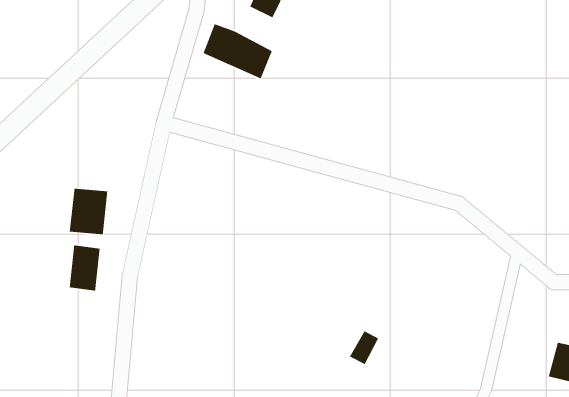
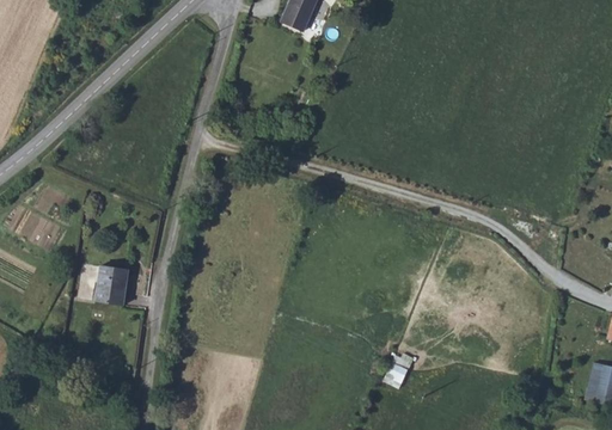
building: [203,23,273,79] -> none
building: [69,188,108,235] -> none

